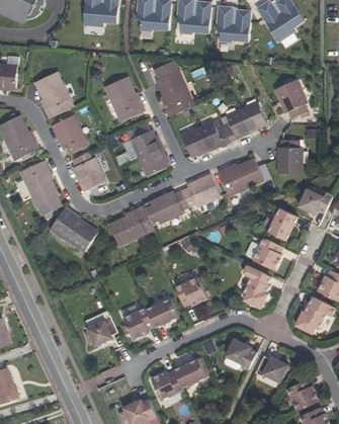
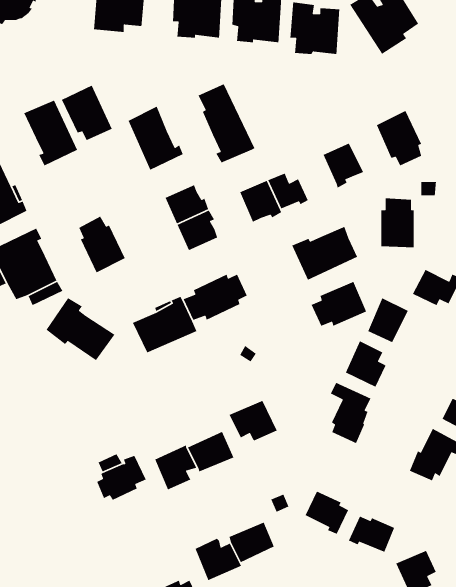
building: [223,109,248,141] -> none
building: [53,114,88,153] -> [61,85,113,141]
building: [181,174,220,205] -> [311,281,367,327]

